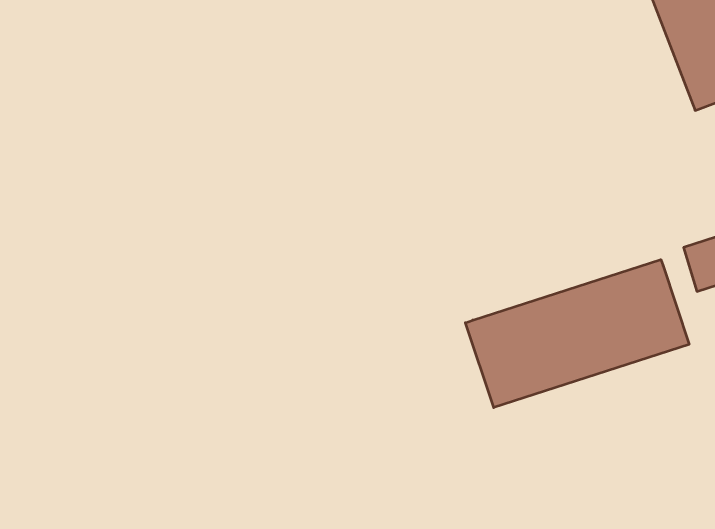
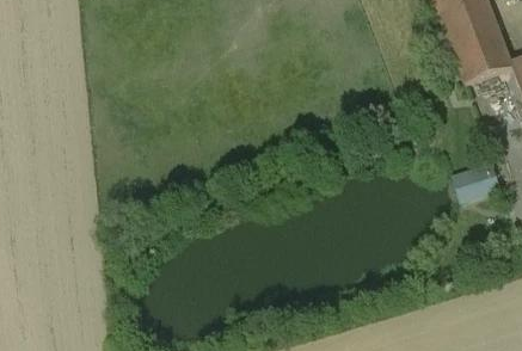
building: [465,260,689,408] -> none

